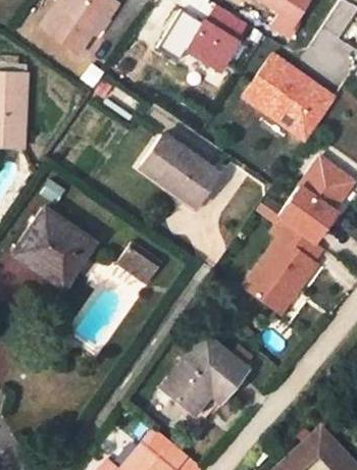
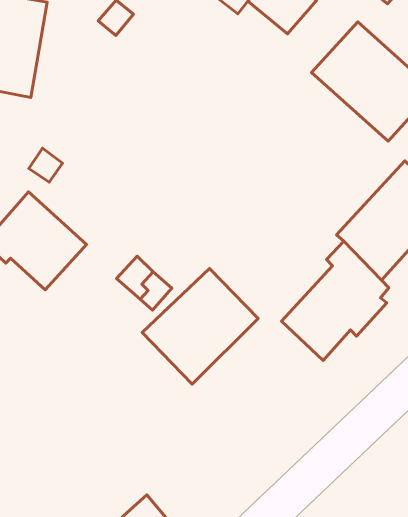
building: [143,133,221,201] -> none
building: [162,336,247,424] -> [142,268,258,384]

